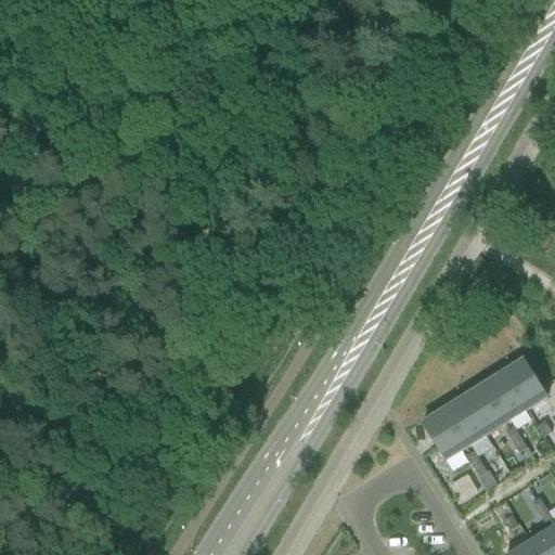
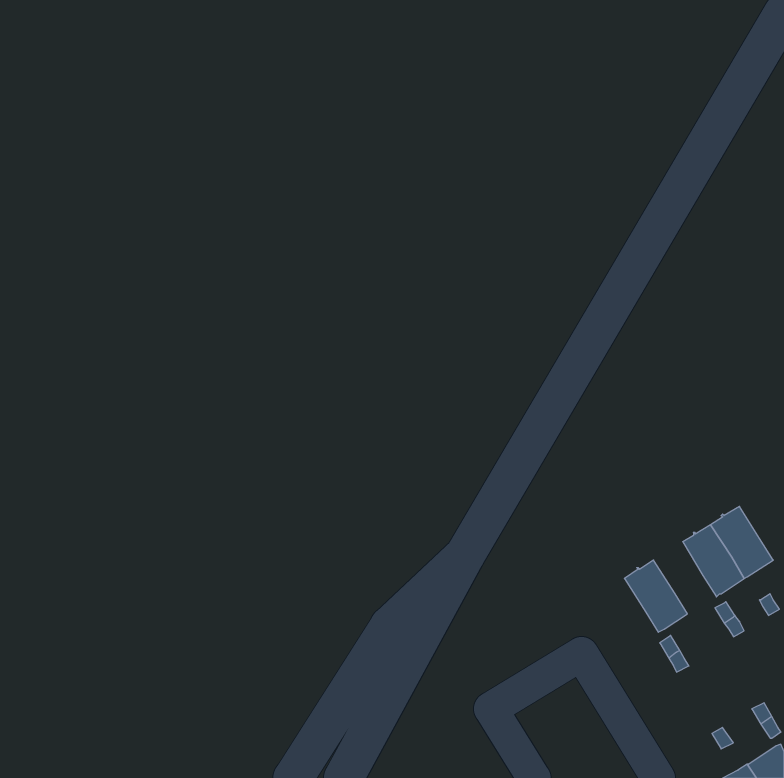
building: [462,383,506,434] -> none
building: [422,409,465,459] -> none

